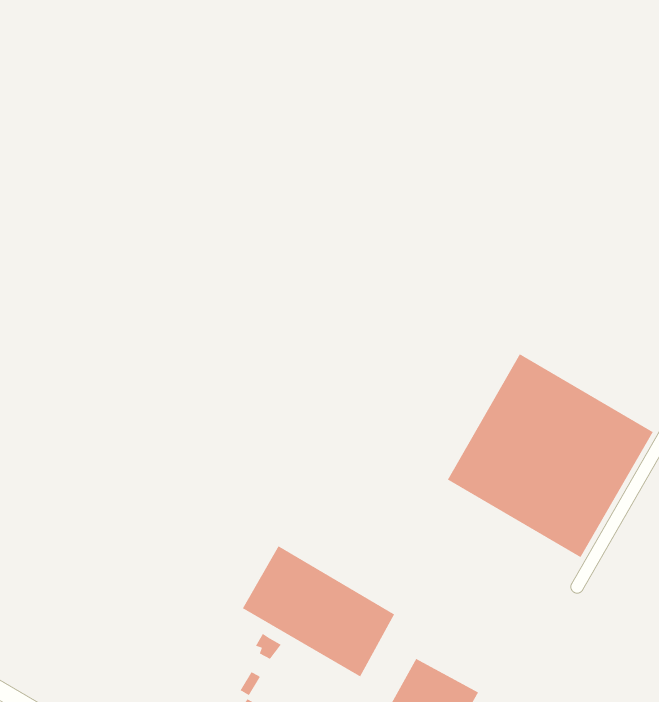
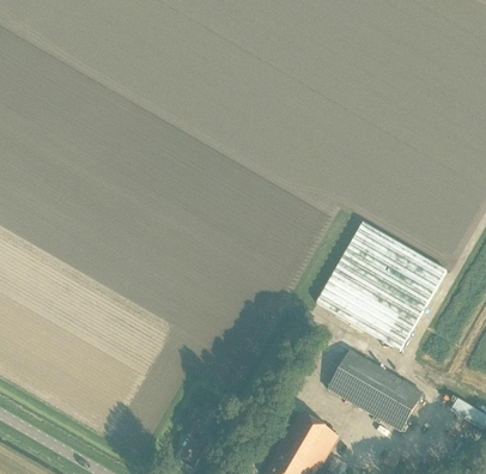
building: [242,545,395,677] -> [328,348,424,431]

